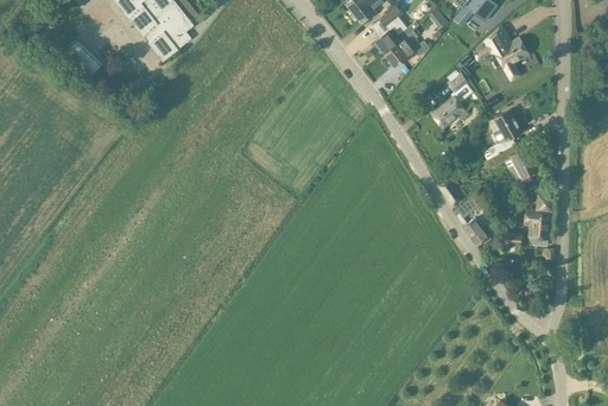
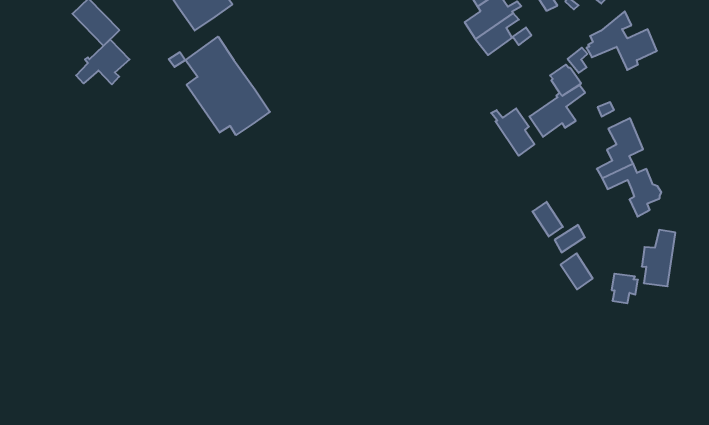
building: none -> [185,37,270,135]
building: none -> [76,39,130,84]
building: none -> [491,108,534,156]

